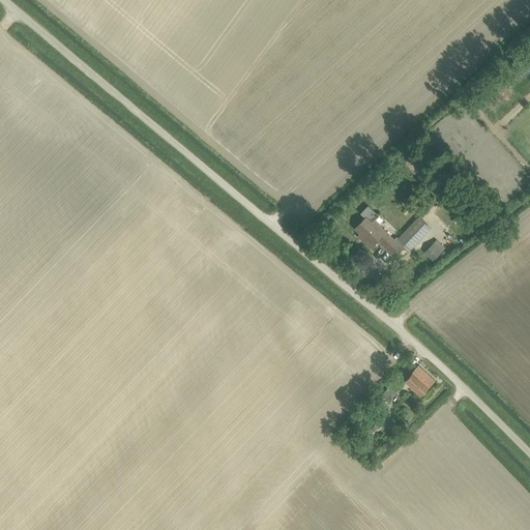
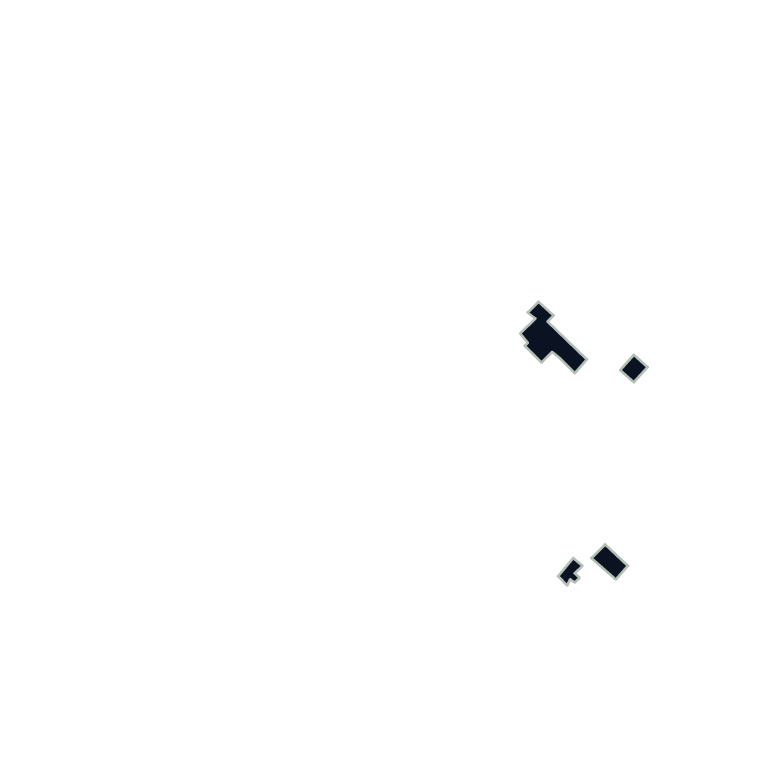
building: [399,215,431,249] -> none

